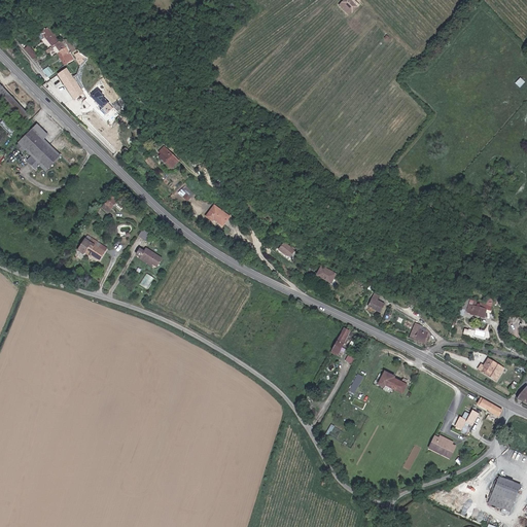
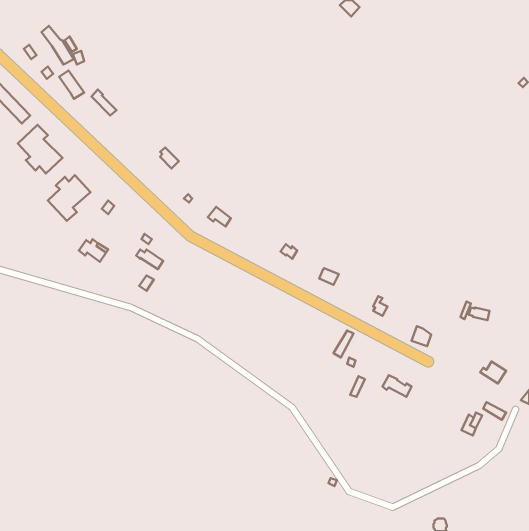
building: none -> [48,175,91,221]
building: [427,434,455,459] -> none
building: [488,477,519,511] -> none

